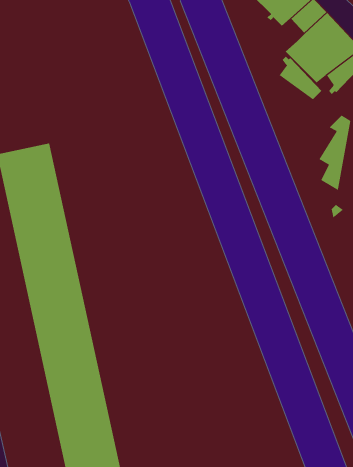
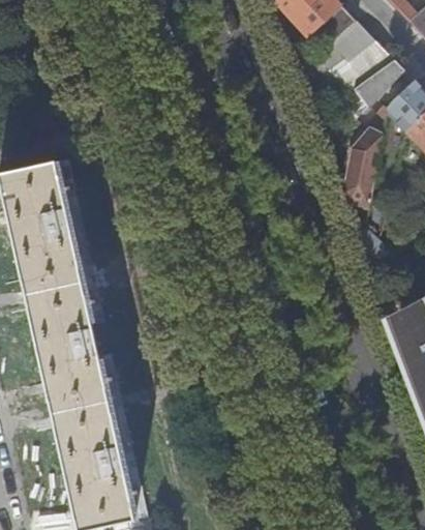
building: [279,56,322,100] -> none

